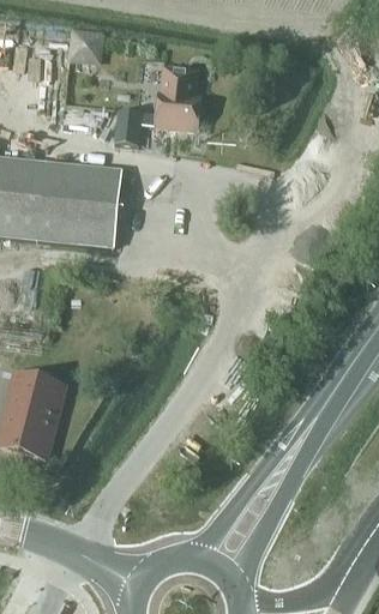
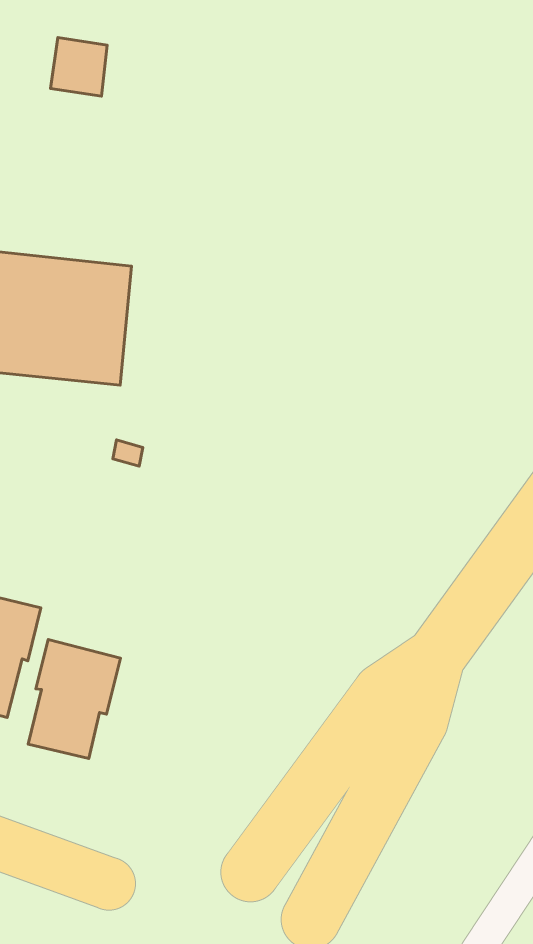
building: [113,66,199,145] -> none
building: none -> [28,640,121,758]

